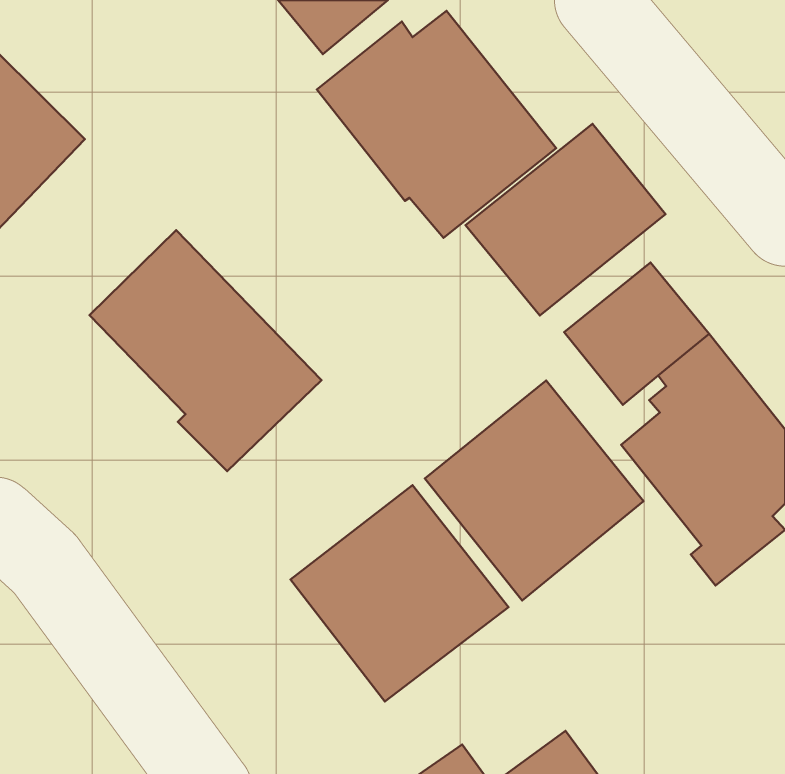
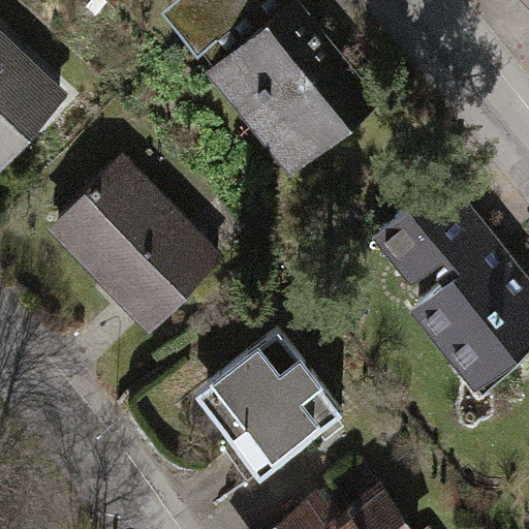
building: [466,124,665,316] -> none
building: [425,380,644,601] -> none

